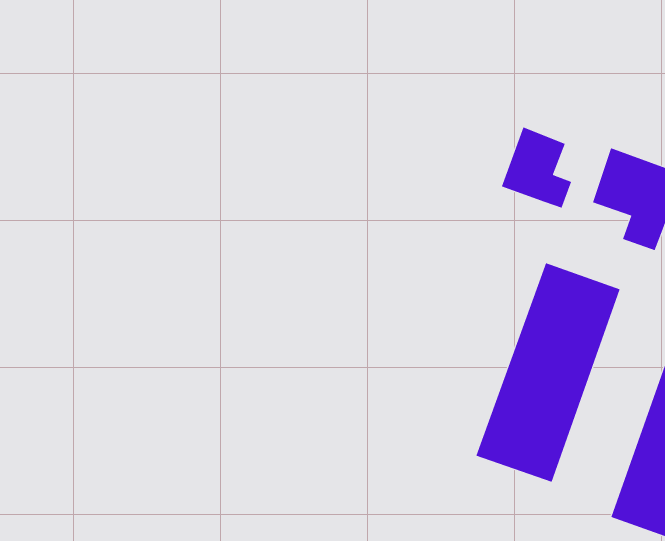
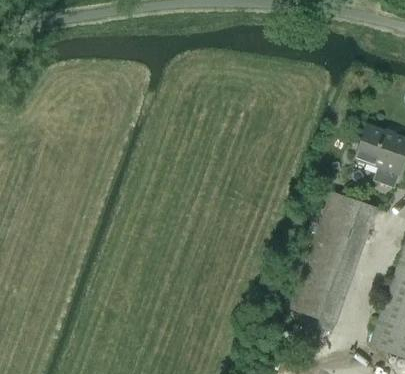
building: [501,127,572,209] -> none

